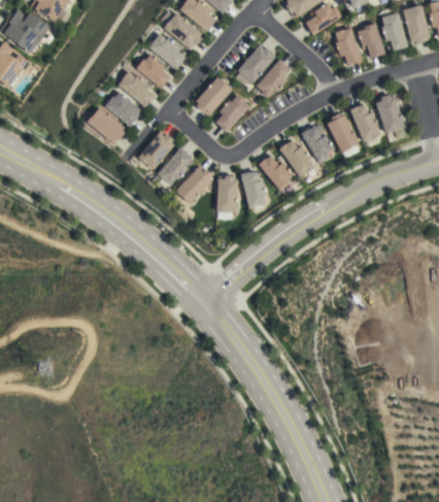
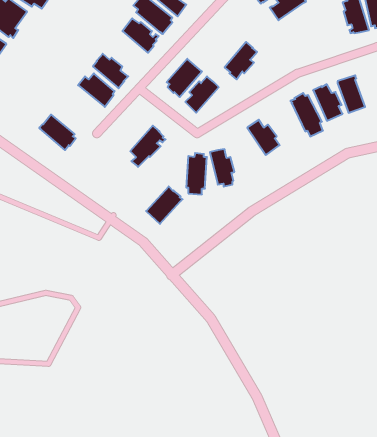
building: [357,20,384,58] -> none
building: [334,27,362,65] -> none
building: [236,43,276,86] -> none
building: [134,54,170,89] -> none
building: [88,107,126,144] -> [39,115,76,150]
building: [301,124,334,164] -> none
building: [139,132,175,170] -> none
building: [259,155,293,191] -> none
building: [176,165,214,204] -> [146,186,183,224]

